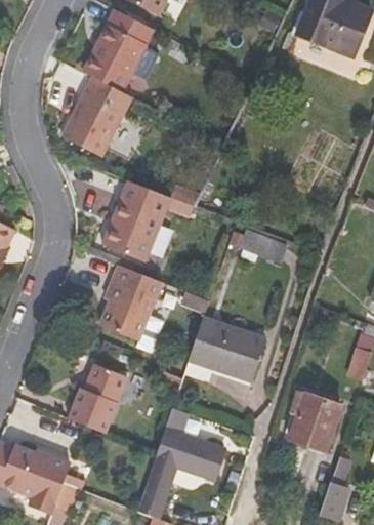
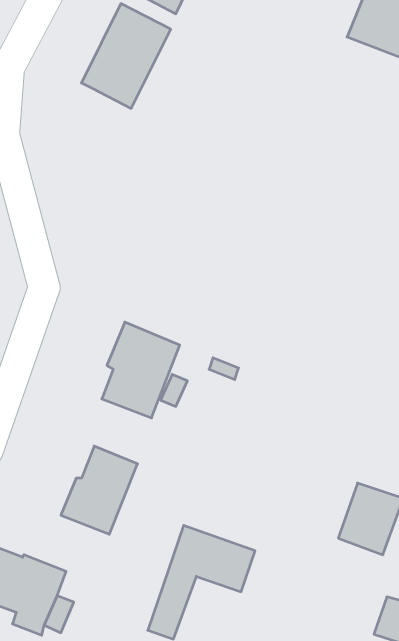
building: [63,76,133,156] -> none
building: [102,179,195,261] -> none
building: [239,228,287,264] -> none
building: [189,316,266,381] -> none

